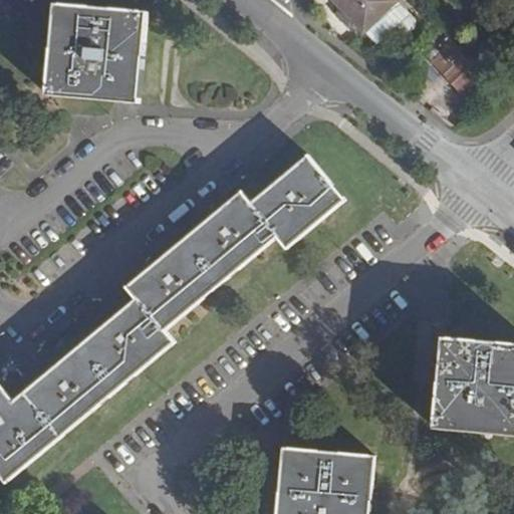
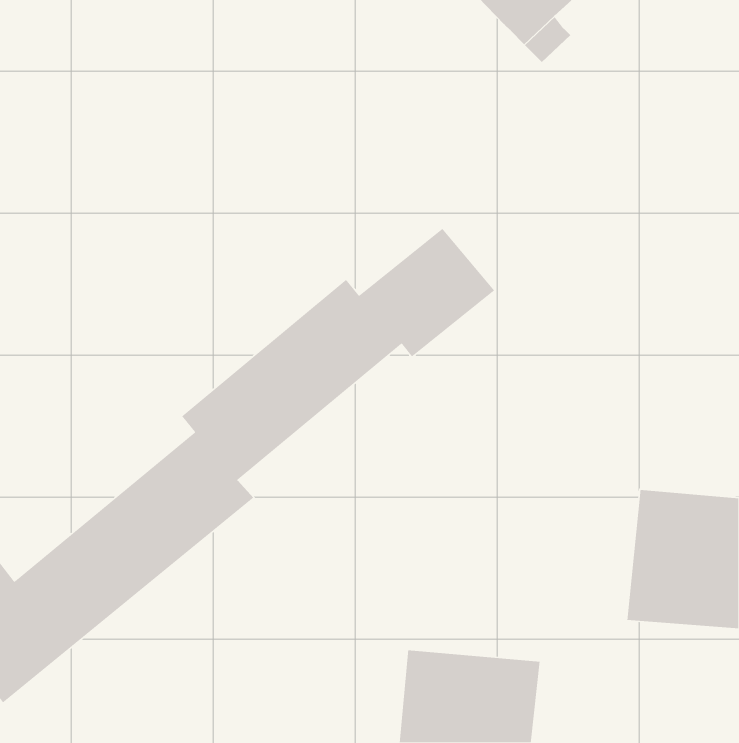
building: [44,4,144,103] -> none
building: [429,41,480,93] -> none

